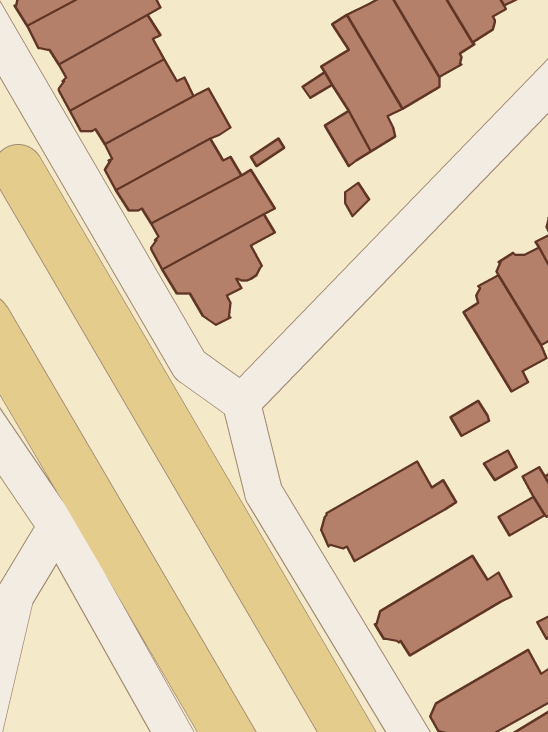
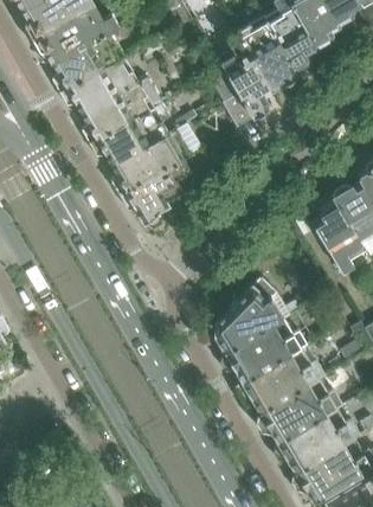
building: none -> [210,277,300,352]
building: none -> [237,349,324,415]
building: none -> [272,409,360,474]

